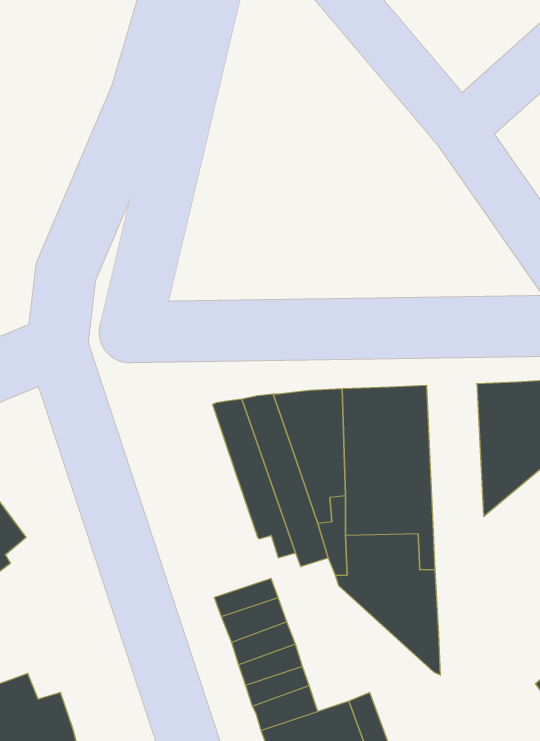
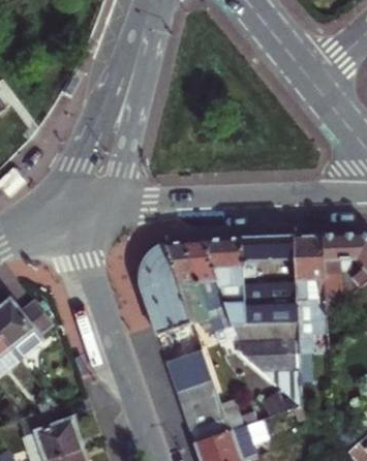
building: none -> [292,233,327,382]
building: none -> [139,245,190,336]

